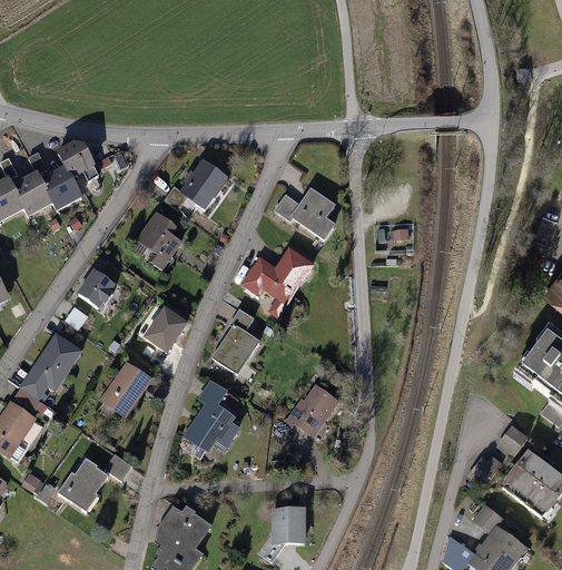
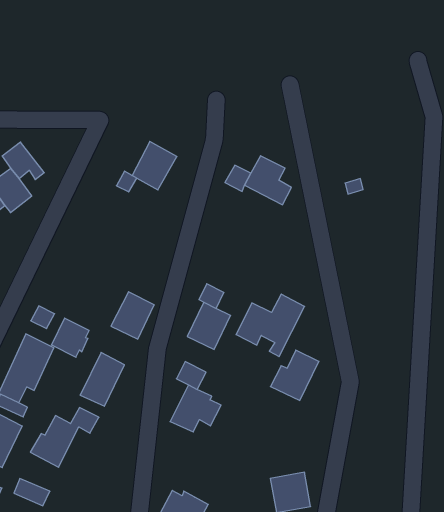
building: [140,213,184,272] -> none
building: [237,253,308,314] -> [236,294,305,357]
building: [75,267,114,307] -> [51,318,89,357]
building: [59,454,131,510] -> [30,408,99,467]

